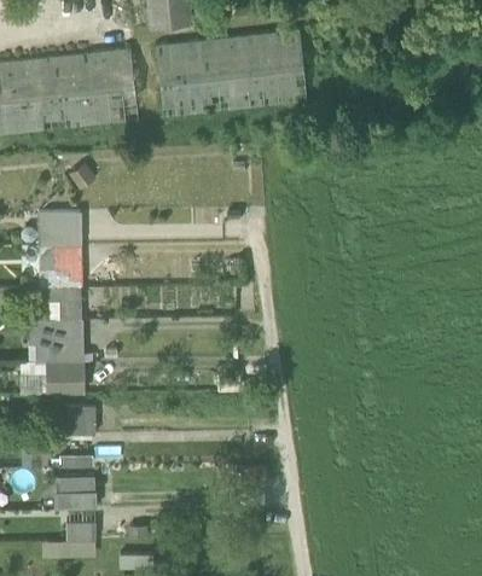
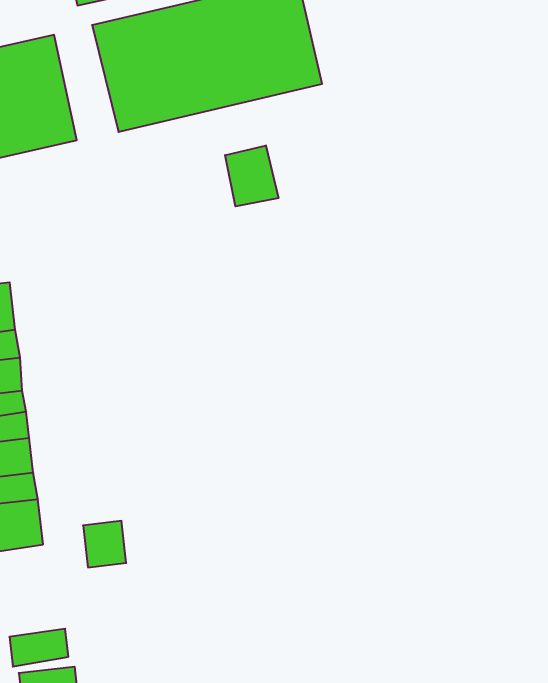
building: none -> [225,145,278,206]
building: [68,406,94,435] -> [83,521,126,567]

